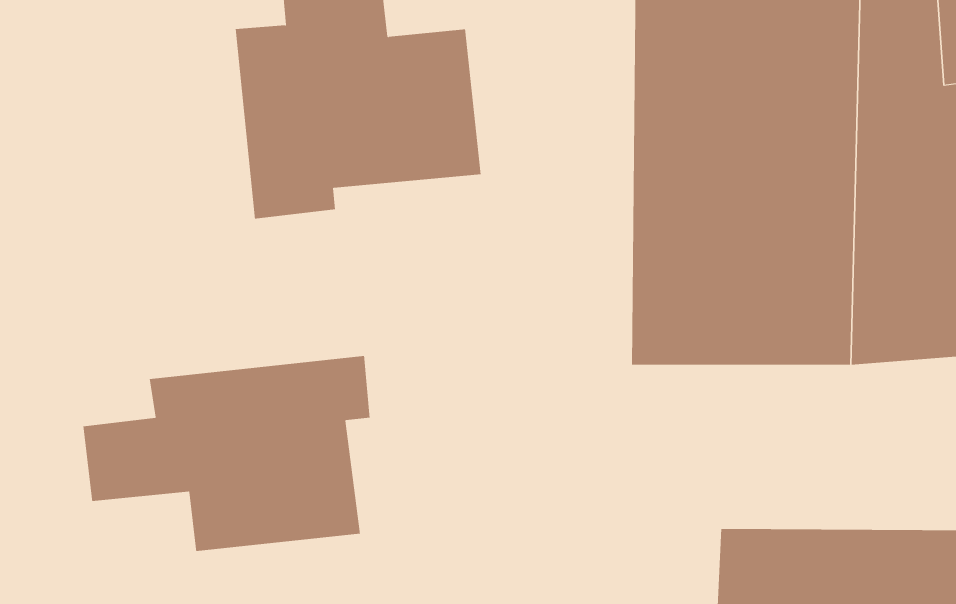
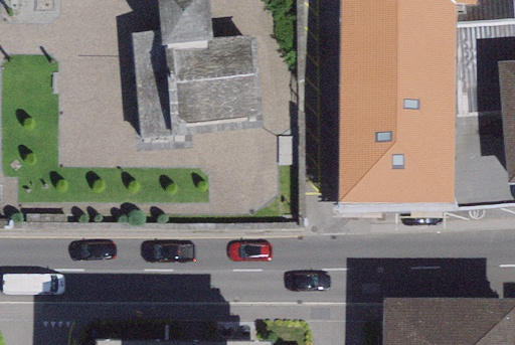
building: [83,355,370,552] -> none

